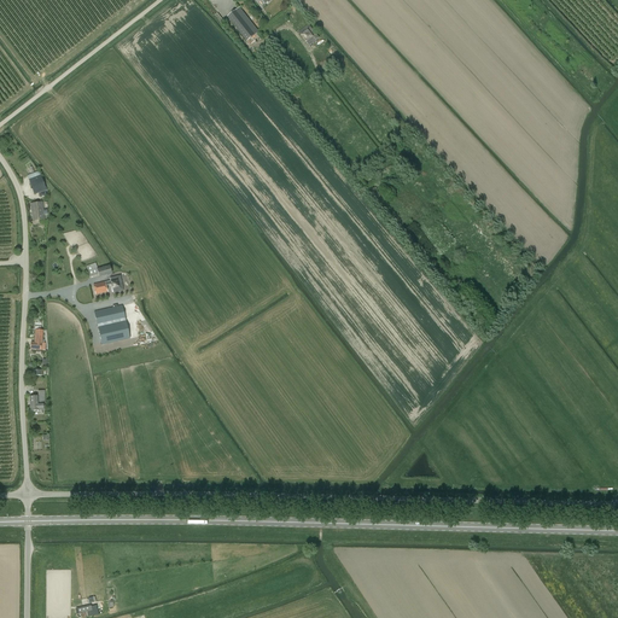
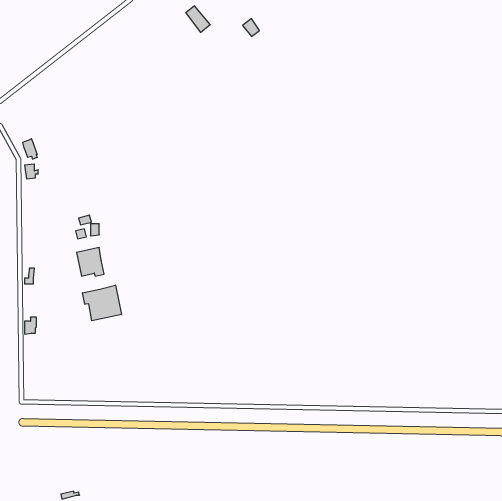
building: none -> [83,285,121,321]

